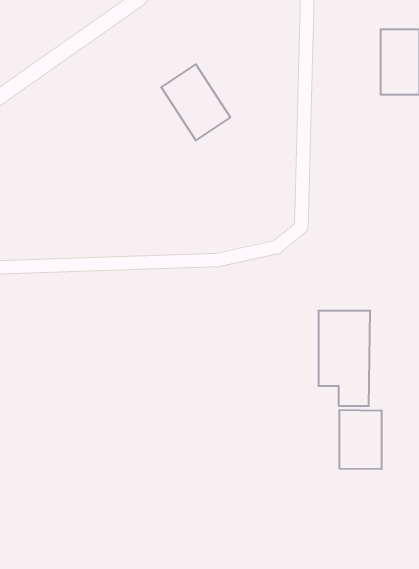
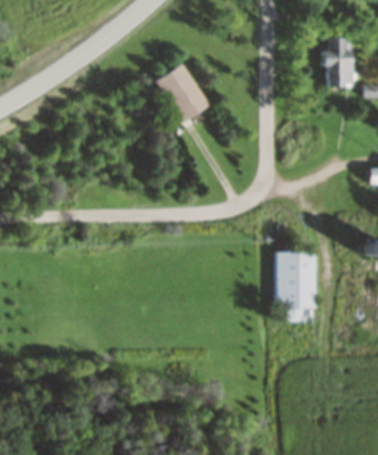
building: [339,410,382,469] -> none

